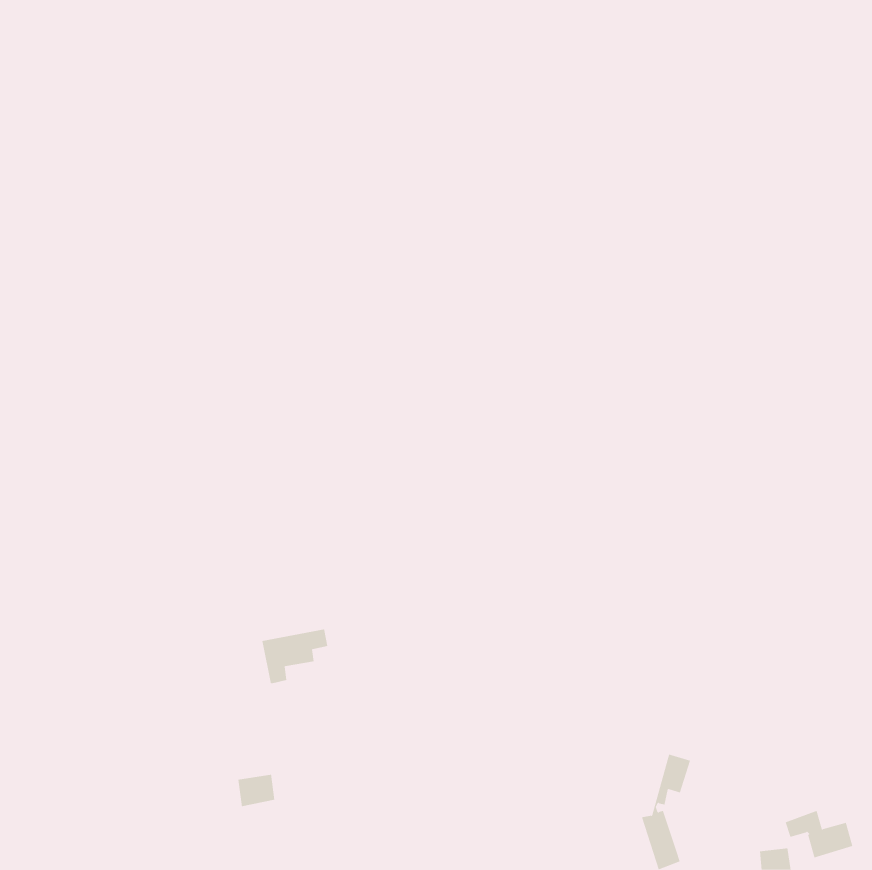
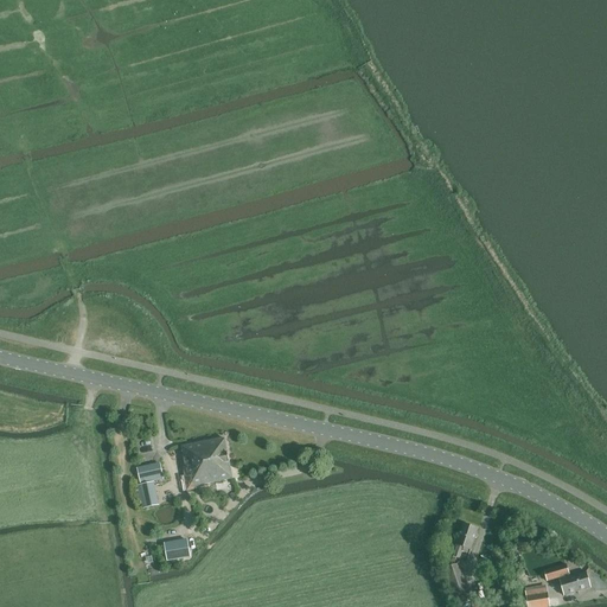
building: none -> [190,448,235,485]
building: none -> [138,462,165,506]

